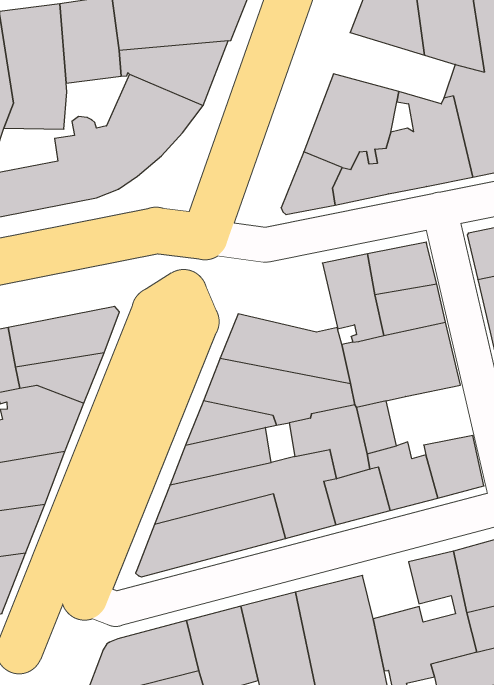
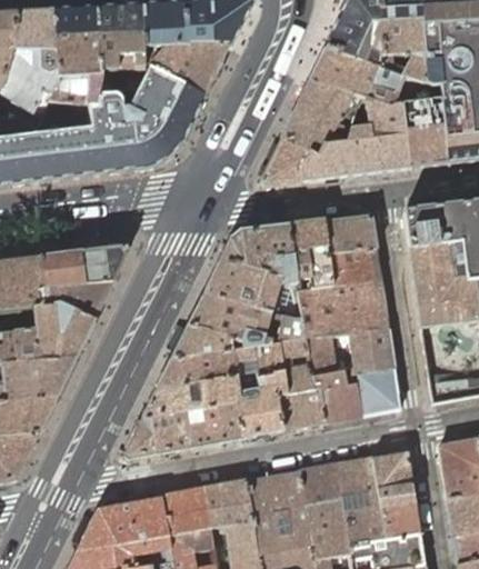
building: none -> [308,47,403,108]
building: none -> [219,224,296,278]
building: none -> [343,328,395,382]
building: none -> [300,462,342,505]

